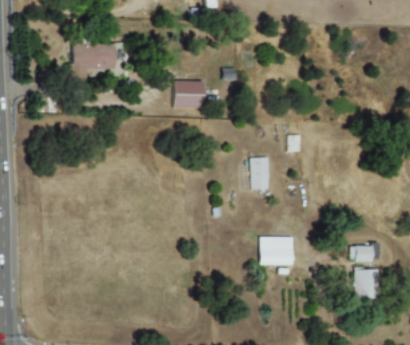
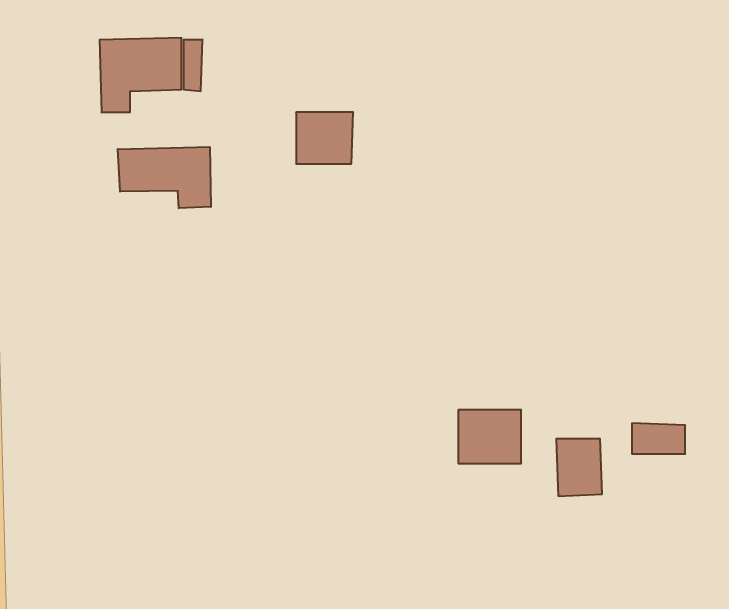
building: none -> [118,147,211,208]
building: [250,157,268,189] -> none
building: [354,269,378,299] -> [556,439,602,496]

